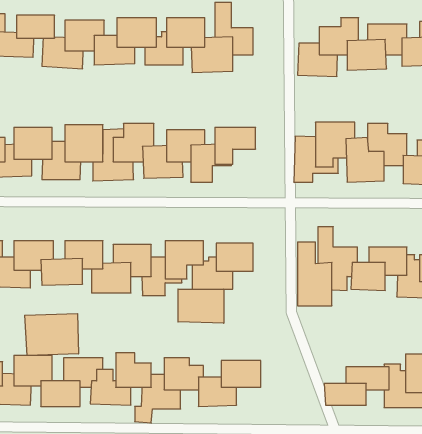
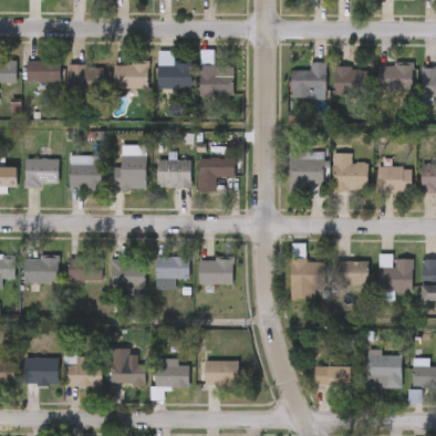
building: [178,289,224,323] -> none
building: [25,314,78,355] -> none

